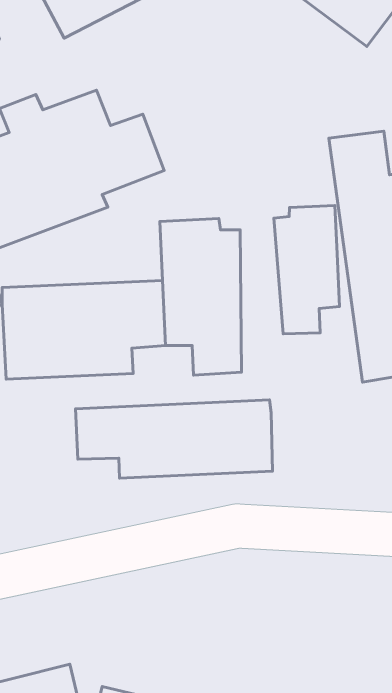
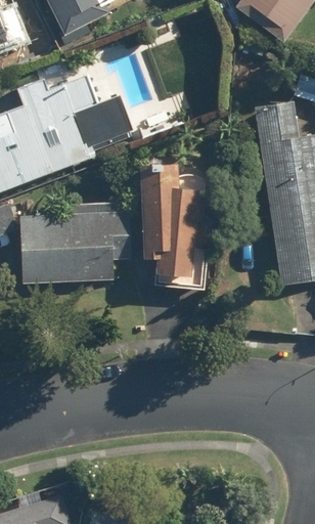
building: [274,205,340,334] -> none
building: [76,400,273,478] -> none

